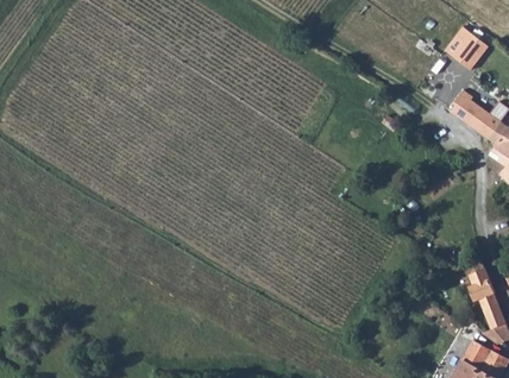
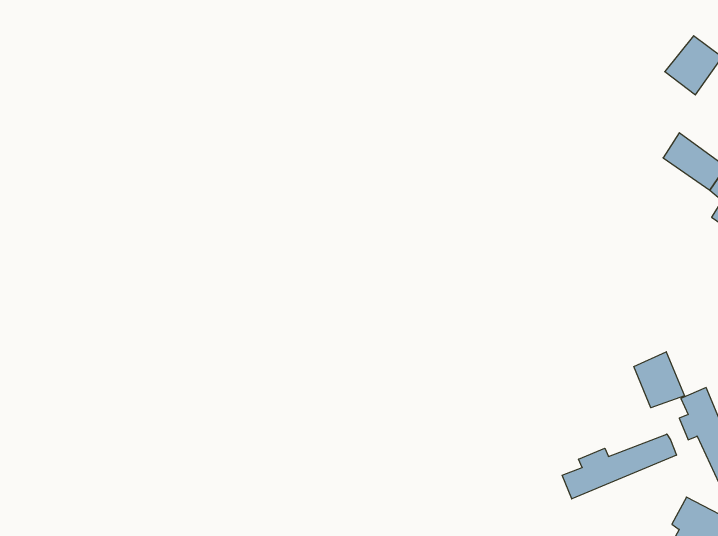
building: none -> [634,352,685,408]
building: none -> [562,434,676,499]

